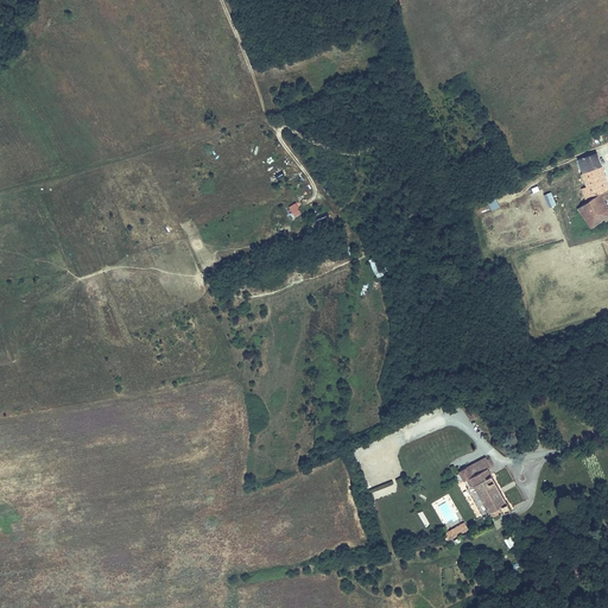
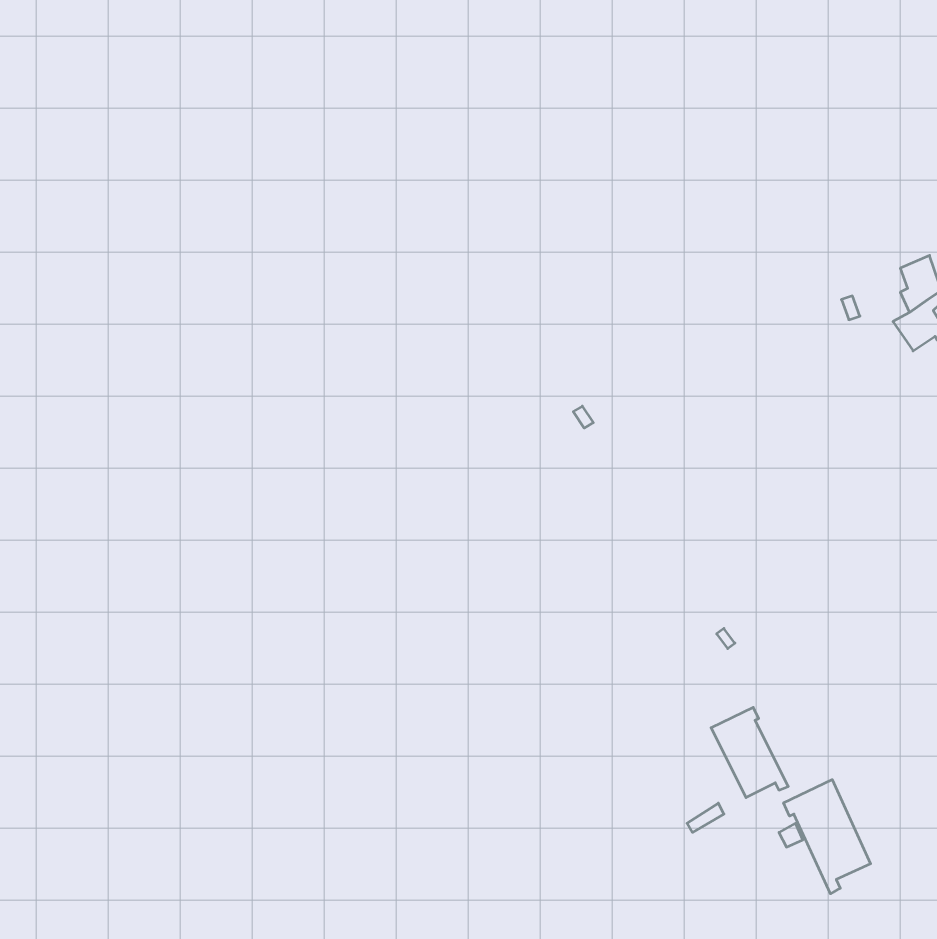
building: none -> [784,780,871,894]

